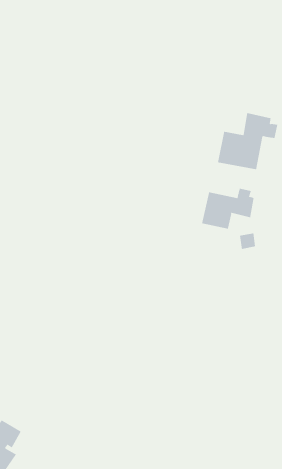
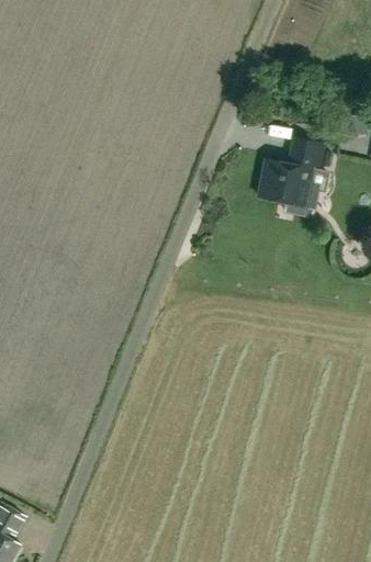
building: [201,188,254,229] -> none

